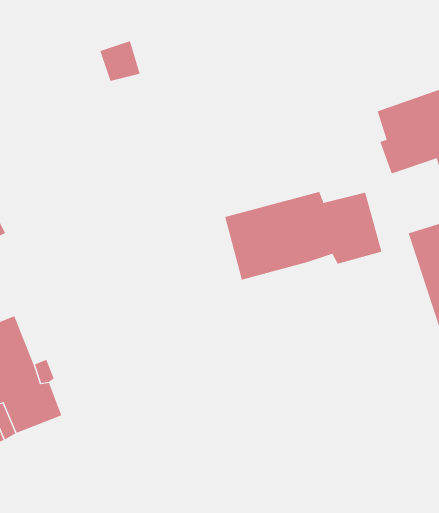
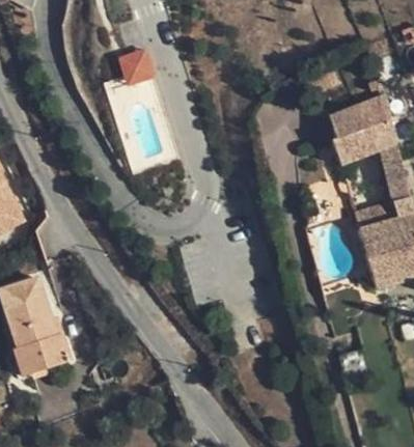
building: [224,191,382,280] -> none

